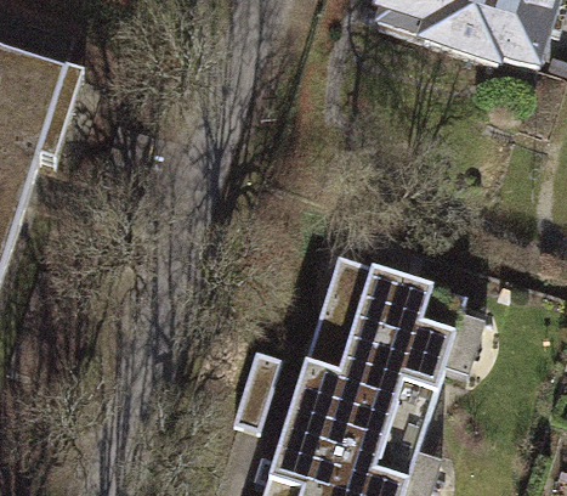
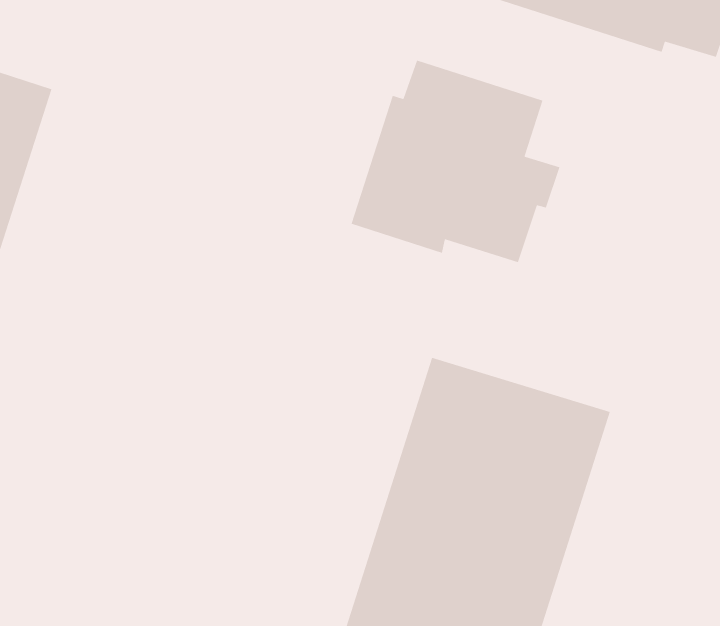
building: none -> [351,60,561,263]

